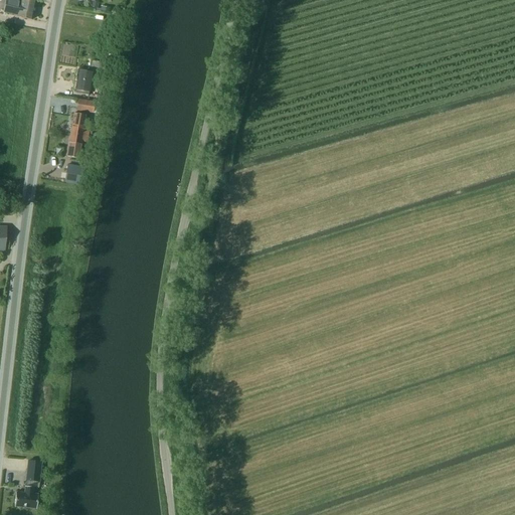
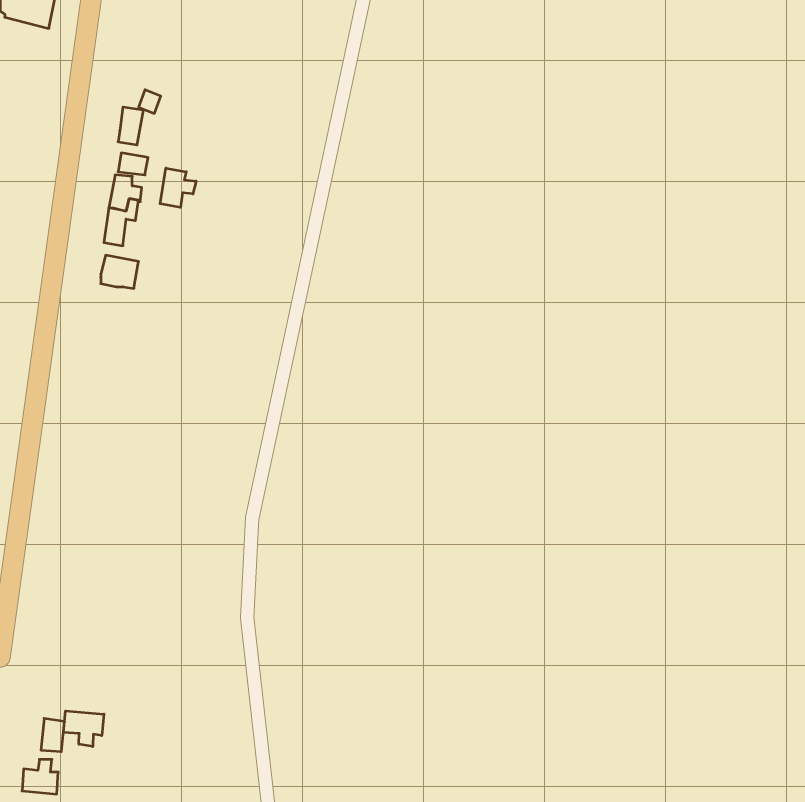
building: none -> [160,168,196,207]
building: none -> [64,711,104,747]

